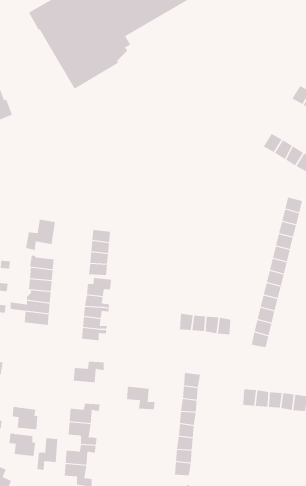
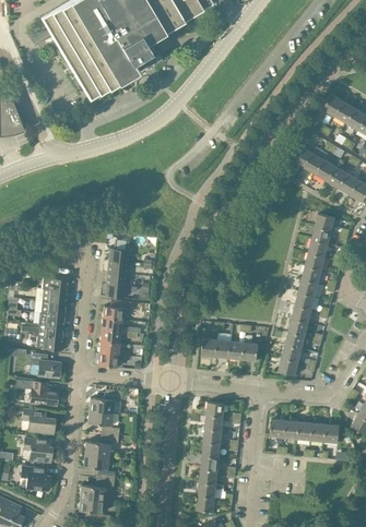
building: [26,219,55,251] -> none
building: none -> [29,354,60,379]
building: none -> [15,380,58,406]
building: none -> [22,409,55,434]
building: [126,386,156,410] -> [87,410,119,435]
building: [37,438,58,471] -> none

